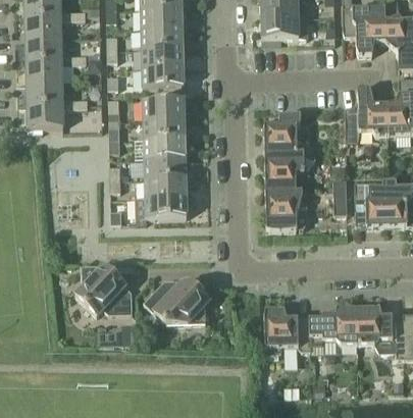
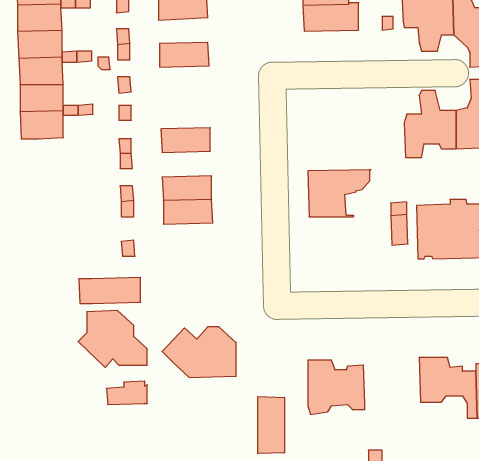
building: [142,27,183,48] -> none
building: [143,66,184,88] -> none
building: [144,97,185,118] -> none
building: [264,114,317,153] -> none
building: [145,137,186,158] -> none
building: [266,191,308,230] -> none
building: [136,196,187,217] -> [79,278,141,304]
building: [311,306,358,345] -> none
building: none -> [258,397,284,454]

